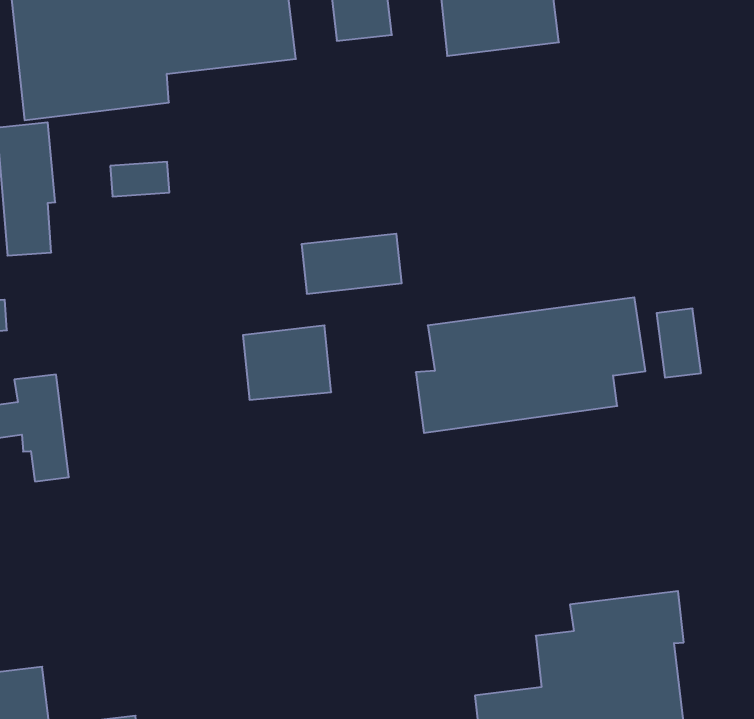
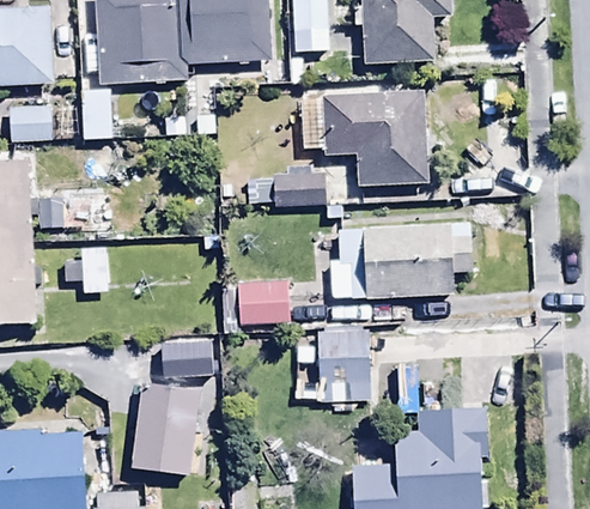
building: none -> [300,90,432,184]
building: [243,325,331,400] -> [237,280,290,323]
building: none -> [315,327,370,404]
building: none -> [129,355,206,452]

